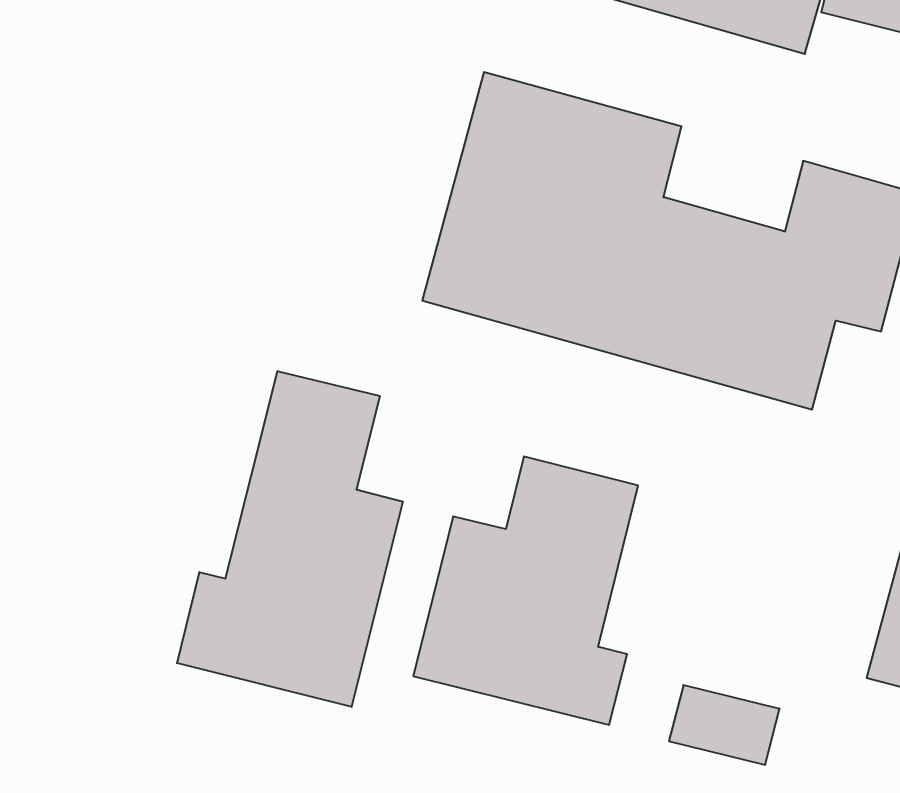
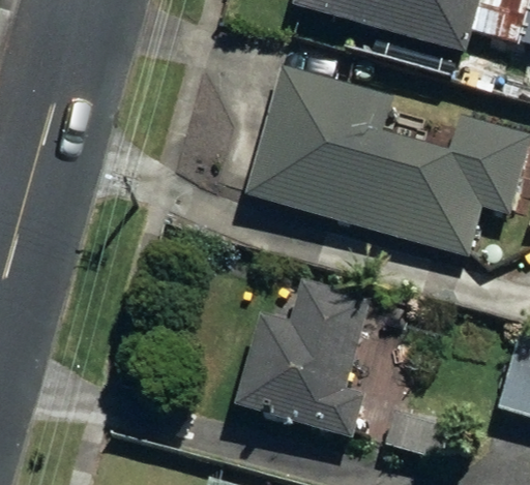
building: [177,371,403,707] -> none

